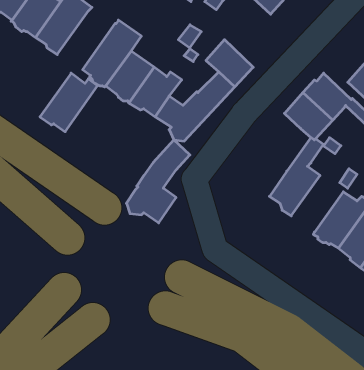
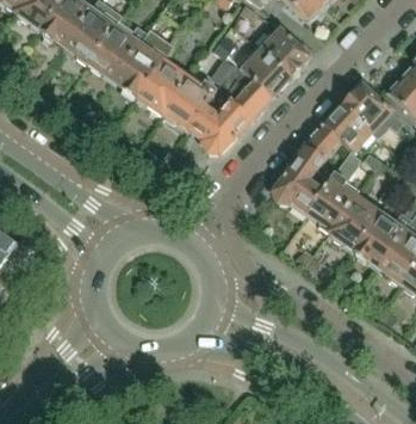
building: none -> [260,29,310,78]
building: [40,73,98,132] -> [87,19,147,80]
building: [126,140,190,223] -> [273,125,339,211]
building: none -> [329,190,383,248]

